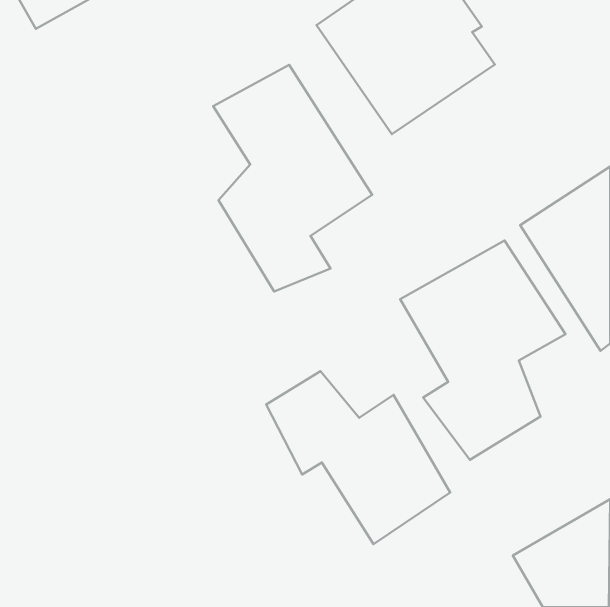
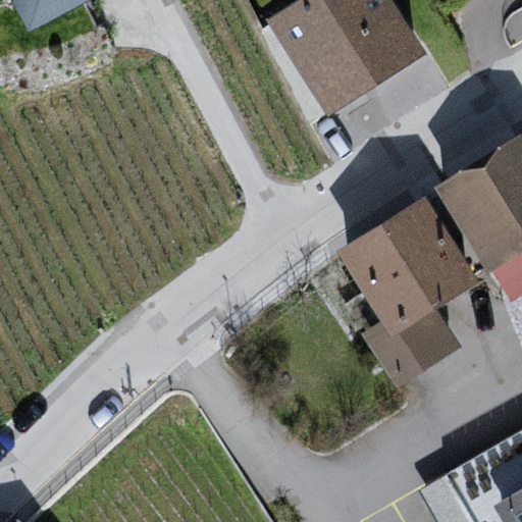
building: [213,65,372,291] -> none
building: [266,371,450,544] -> none

